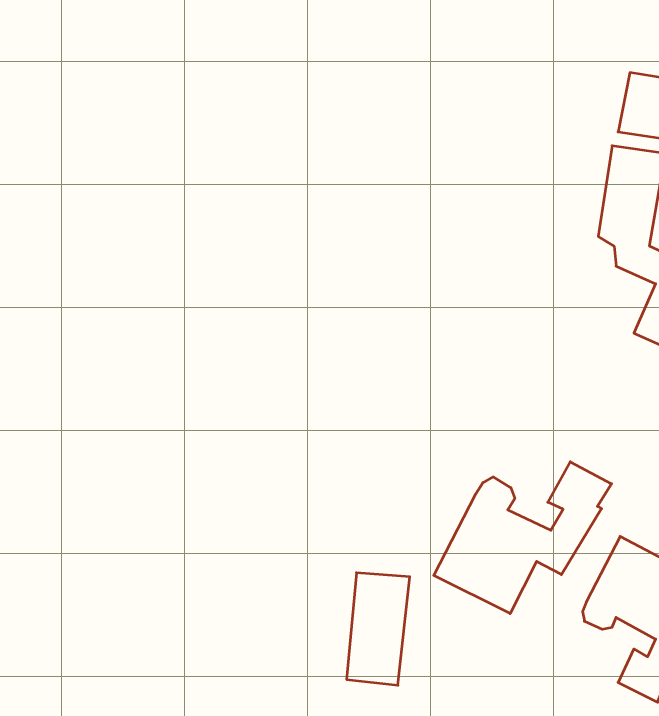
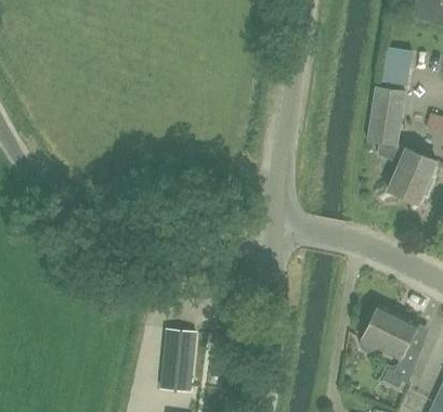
building: [434,462,612,614] -> none
building: [347,573,410,685] -> [161,330,196,391]

